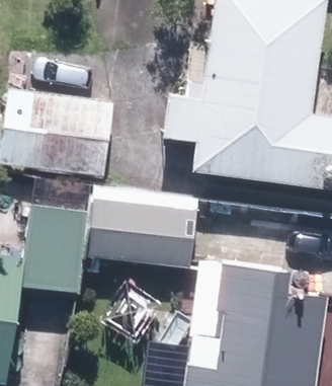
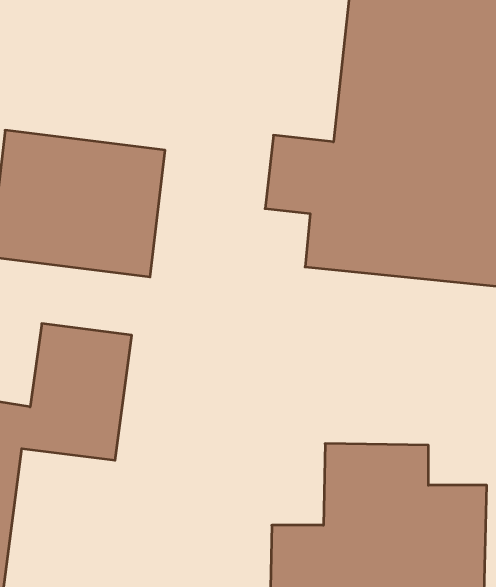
building: [88,194,191,262] -> none

